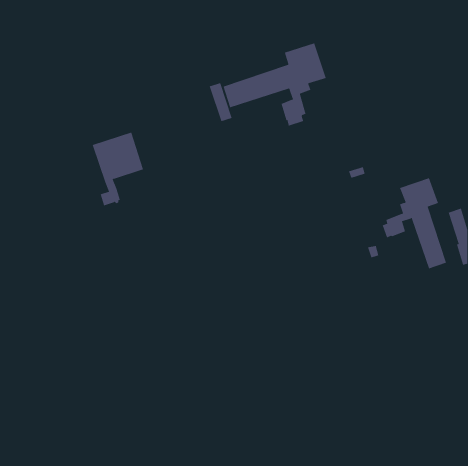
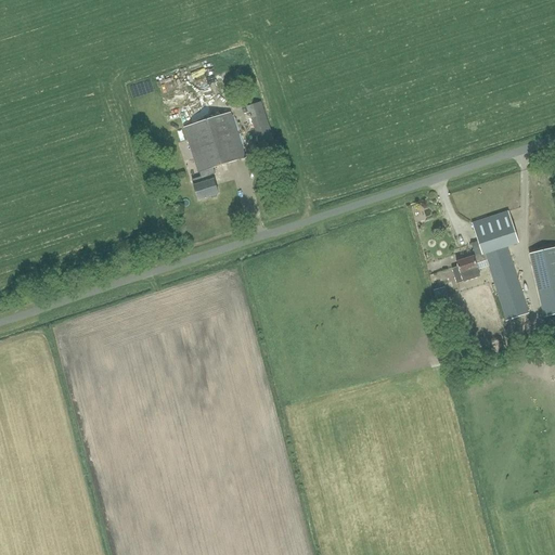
building: [223,43,326,126] -> none
building: [92,132,144,206] -> [183,111,245,198]

